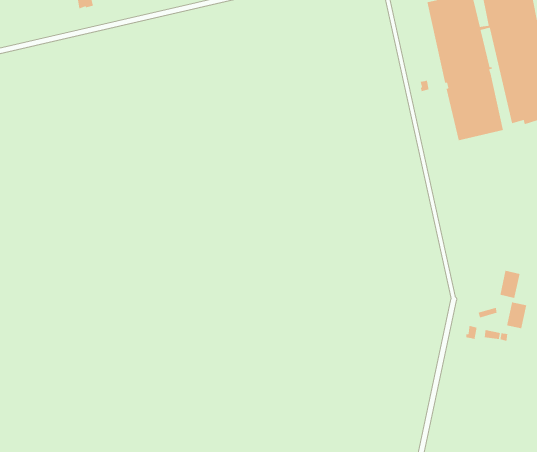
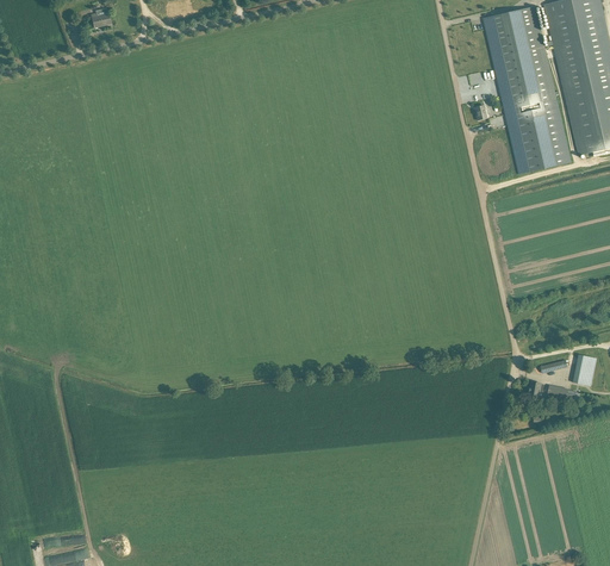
building: [499,270,520,299] -> none

